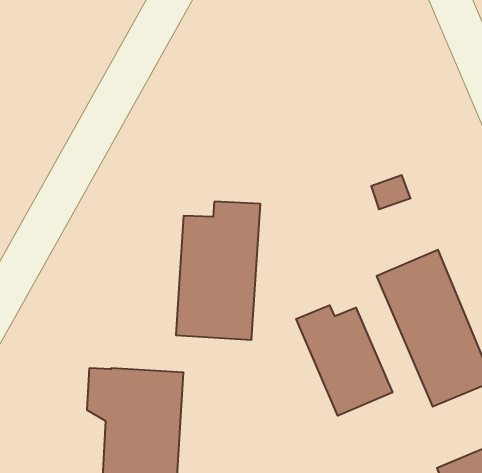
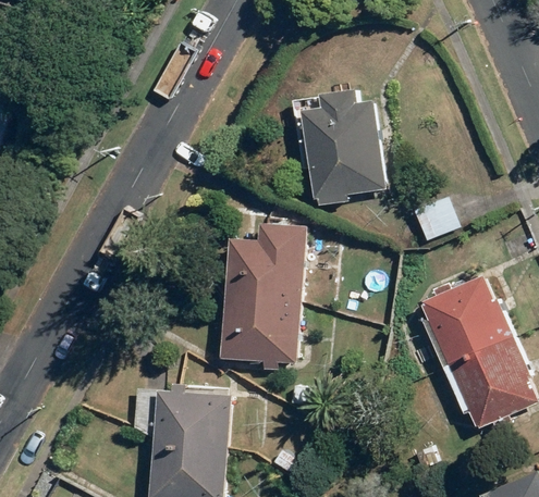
building: none -> [302,90,383,200]
building: [296,305,392,416] -> none

